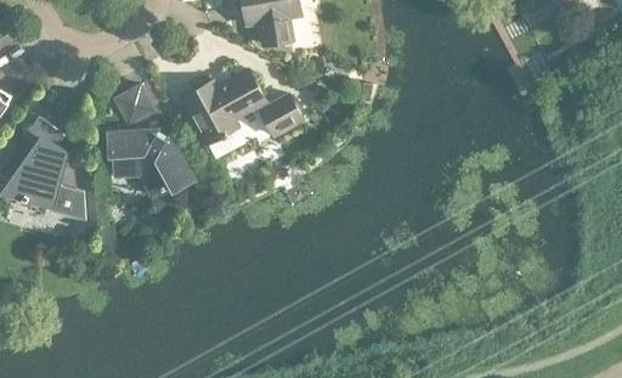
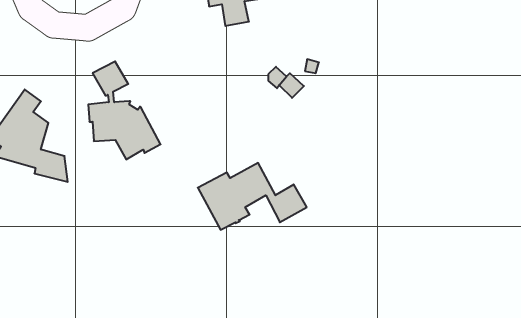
building: [181,69,304,145] -> [198,163,307,230]

